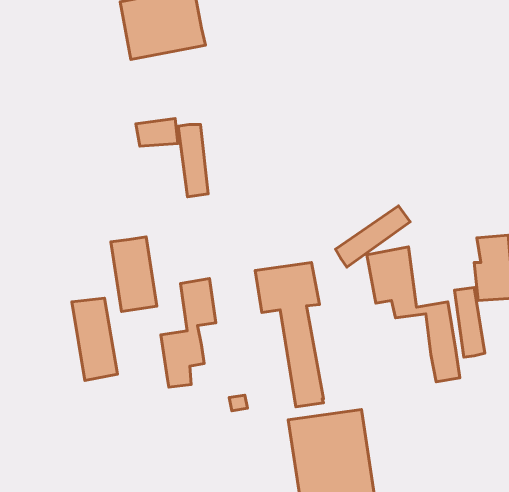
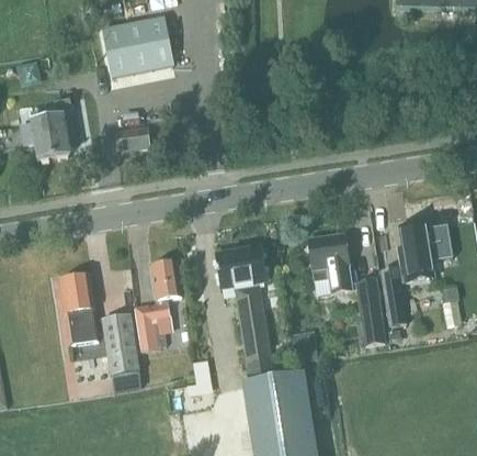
building: none -> [31,98,76,157]
building: [178,124,208,197] -> none
building: [336,206,410,267] -> none
building: [111,237,157,311] -> [100,312,138,375]

